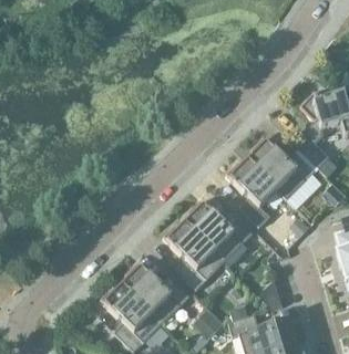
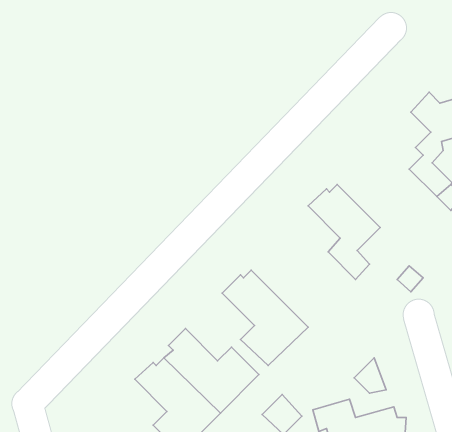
building: [246,137,315,199] -> none
building: [184,199,253,261] -> none

